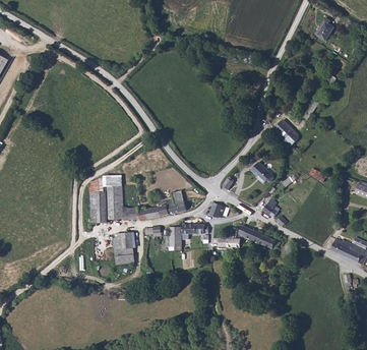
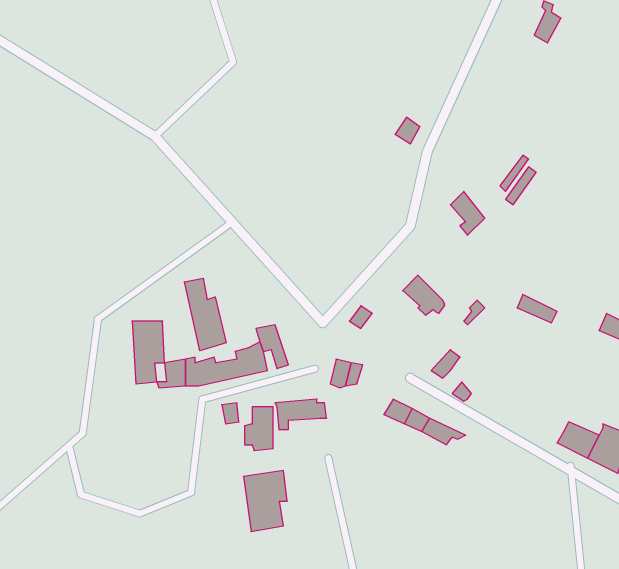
building: none -> [184,278,226,351]
building: [111,233,134,266] -> [243,471,287,532]

